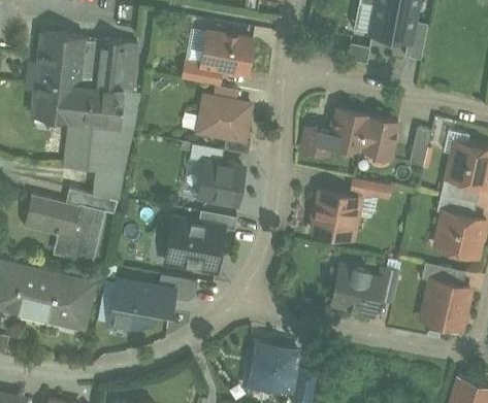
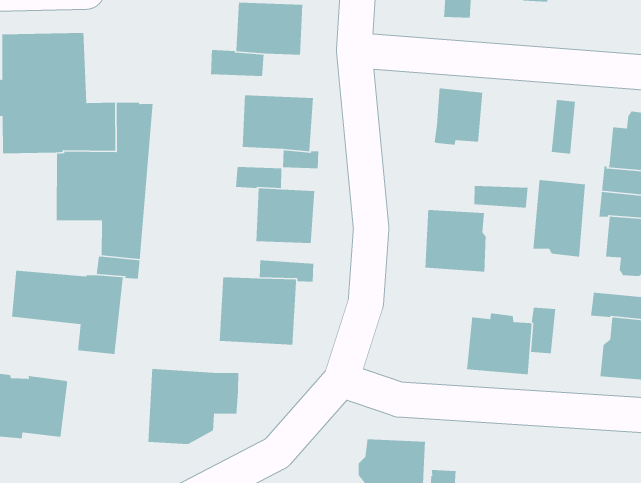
building: [95,39,136,92] -> none
building: [360,115,397,160] -> none
building: [300,128,332,156] -> none
building: none -> [532,179,586,258]
building: [158,274,196,301] -> none
building: [46,278,93,328] -> none

